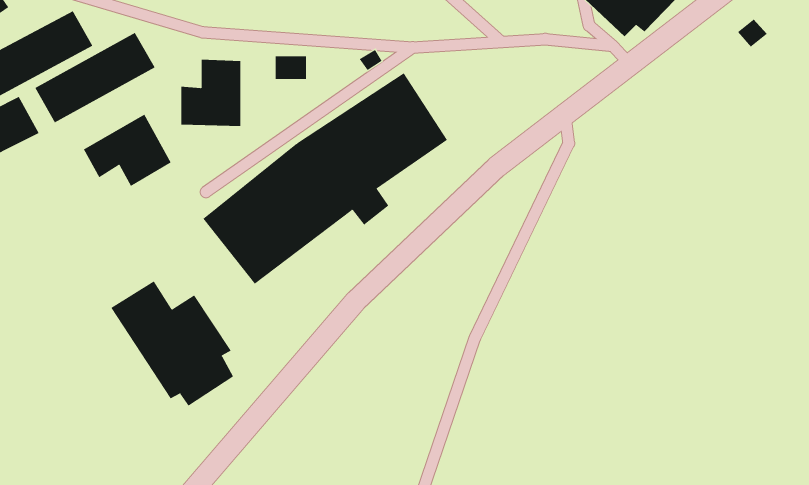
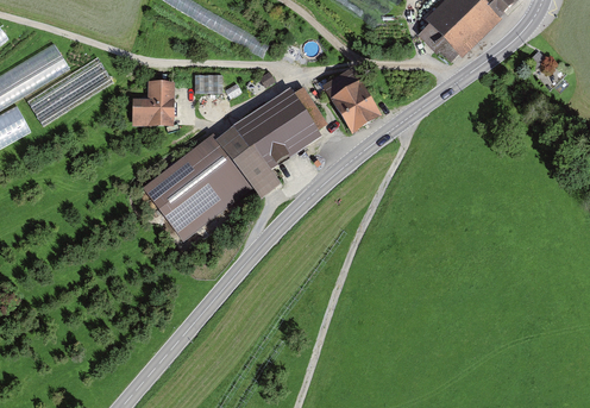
building: none -> [329,80,381,132]
building: [83,114,172,187] -> none
building: [110,281,234,407] -> none

